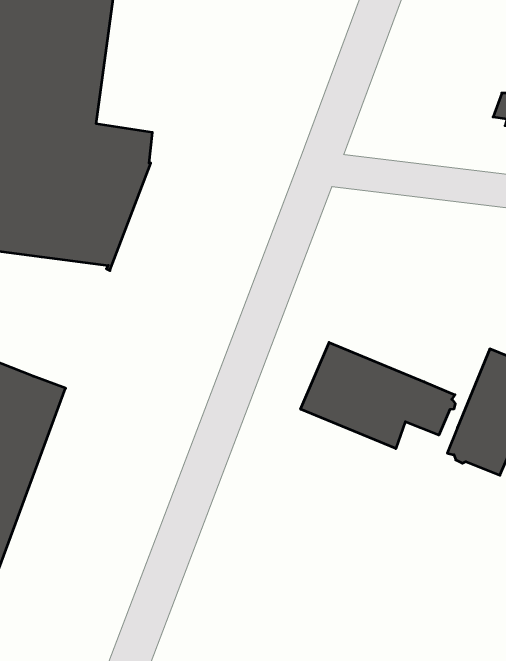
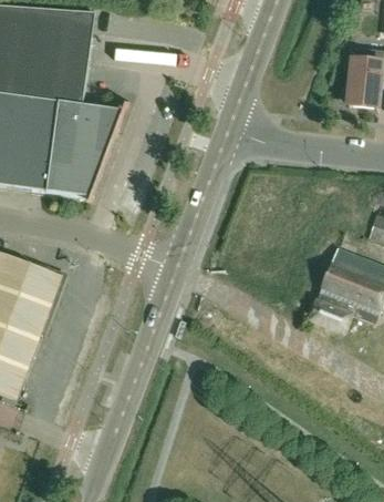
building: [301,342,455,449] -> none

